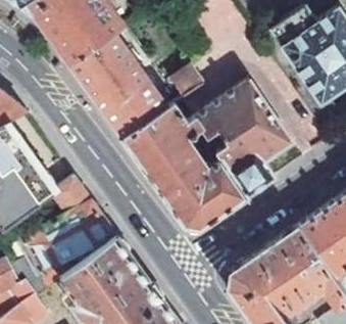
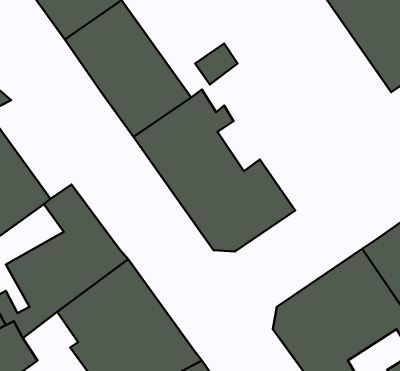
building: [192,79,292,197] -> none

